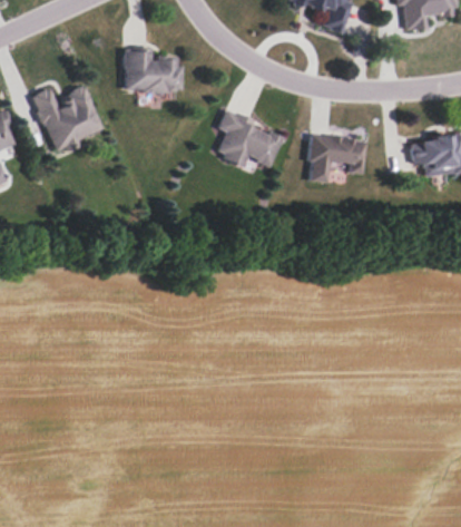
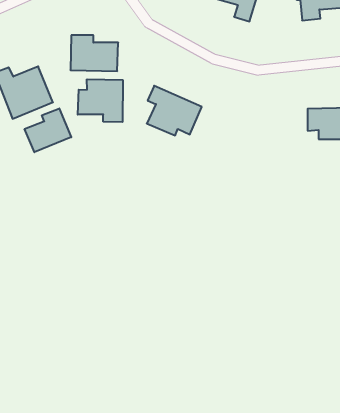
building: none -> [78,79,123,122]
building: [306,134,365,183] -> none
building: none -> [25,108,71,152]

